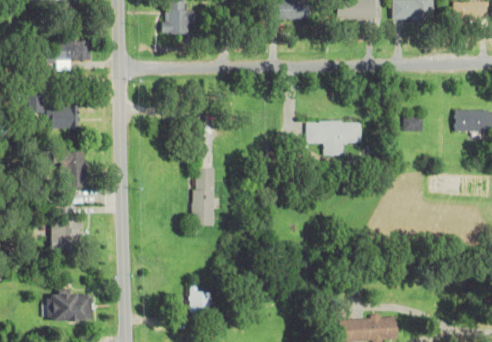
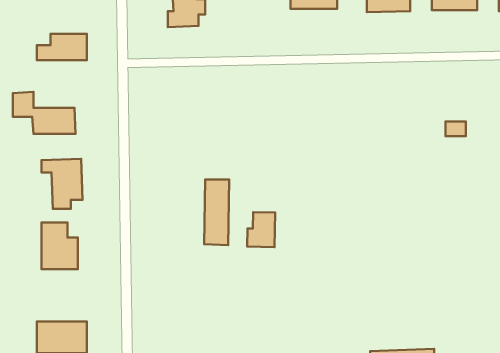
building: [307,121,361,155] -> none
building: none -> [247,212,275,247]
building: [190,284,212,314] -> none

